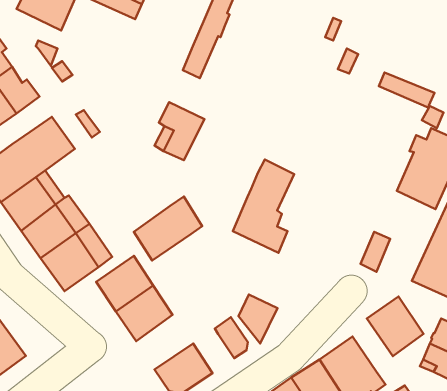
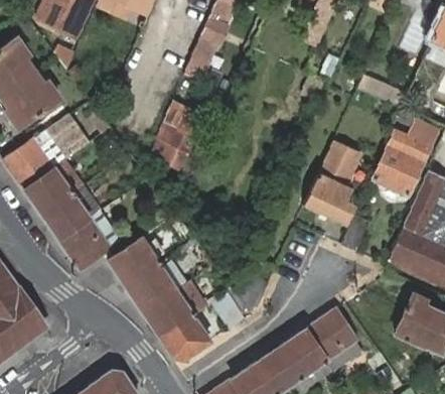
building: [233,159,294,253] -> [304,141,358,224]
building: [134,197,202,260] -> [143,281,203,338]
building: [367,296,423,356] -> none

